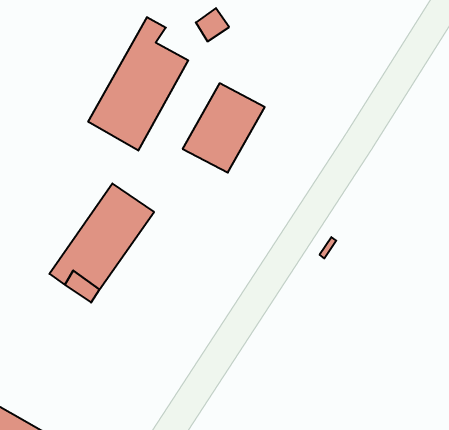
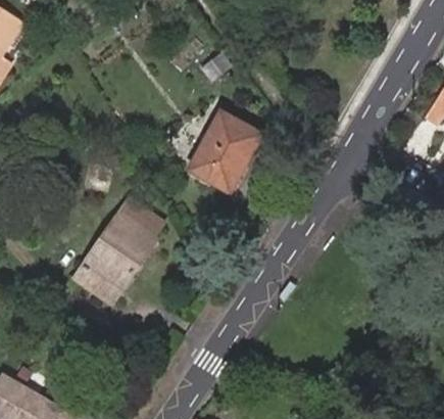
building: [88,17,188,151] -> none

